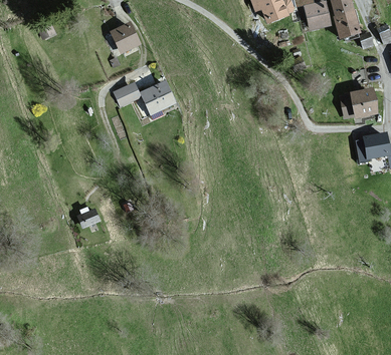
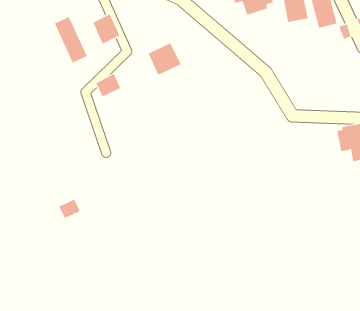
building: none -> [54,16,88,63]
building: [141,80,175,113] -> [148,43,182,75]
building: [342,88,376,117] -> none

